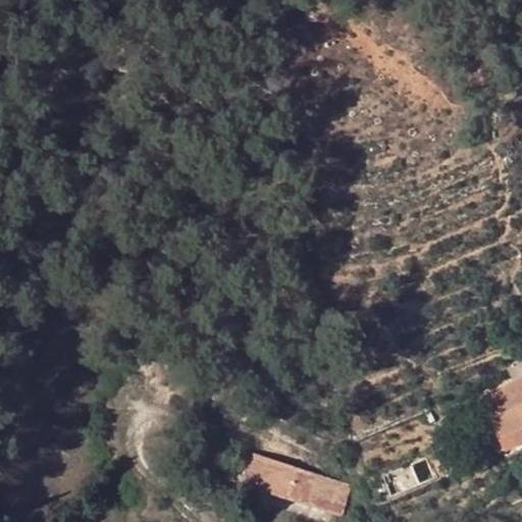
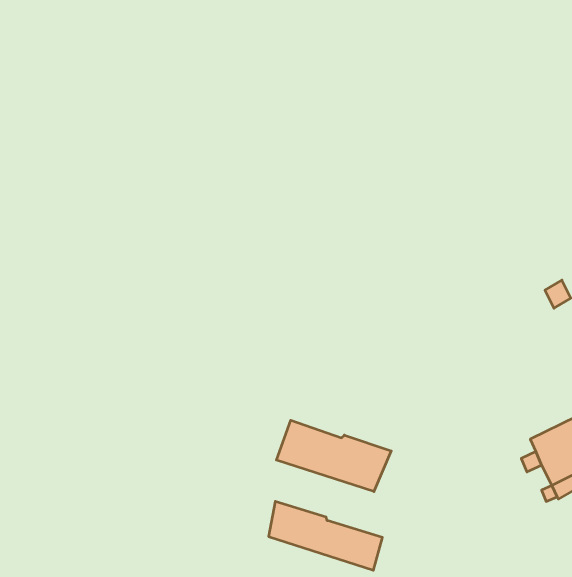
building: none -> [276,420,391,492]

